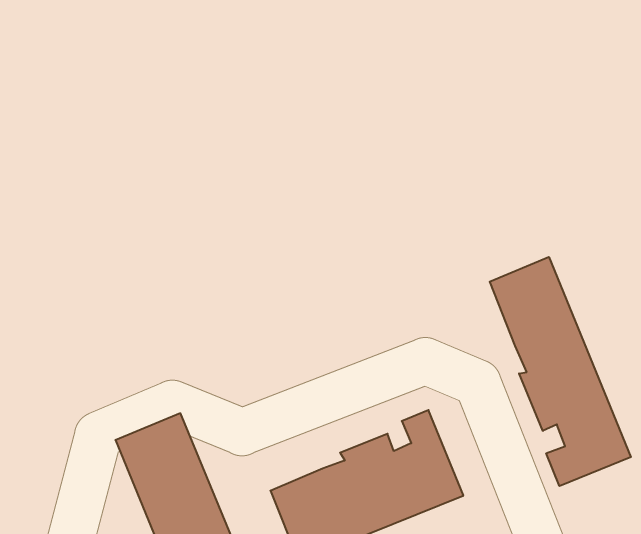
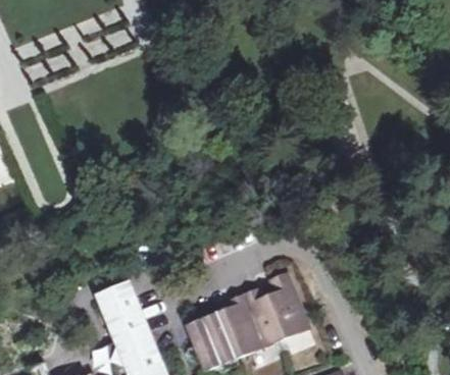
building: [490,257,631,486] -> none

